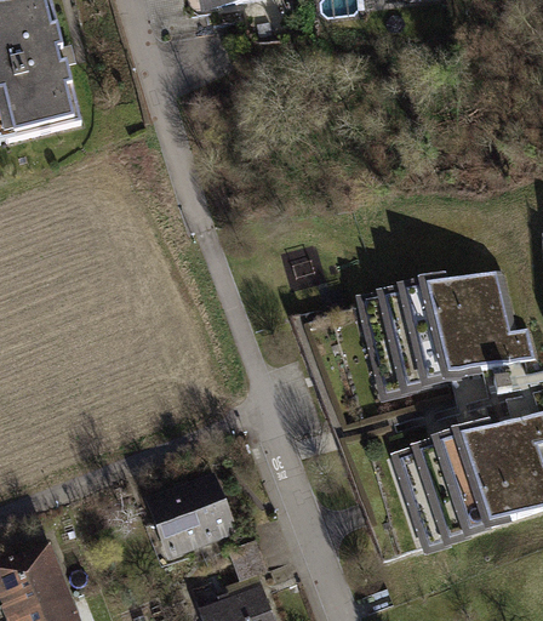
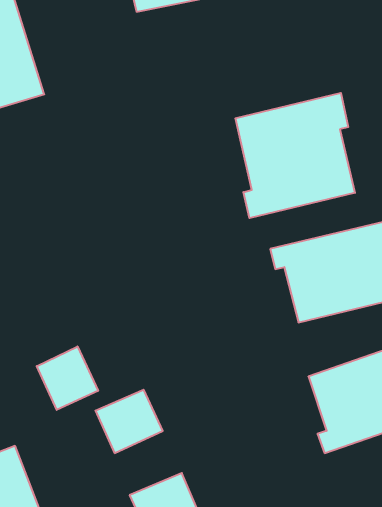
building: none -> [235,93,355,218]
building: none -> [37,346,98,410]

